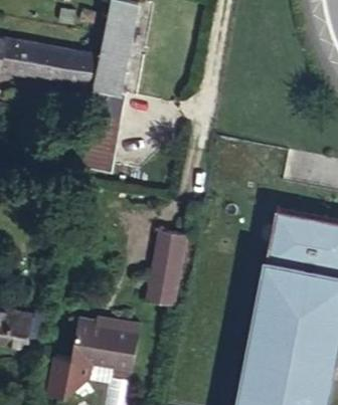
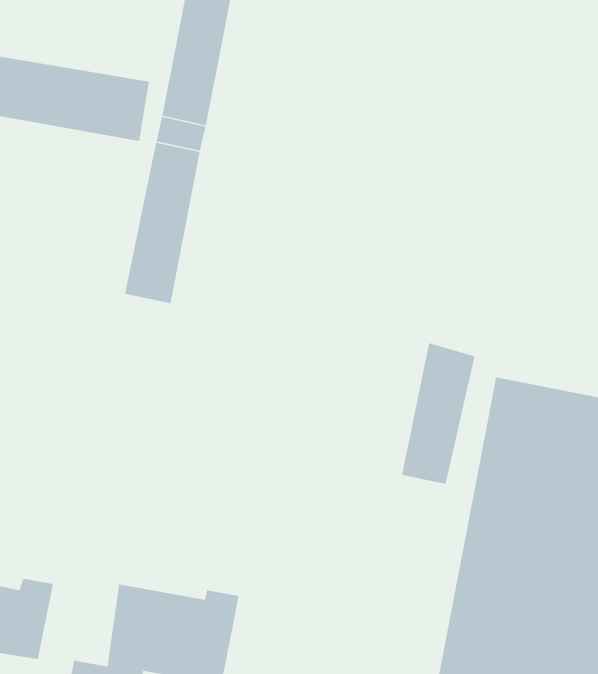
building: [146,229,184,302] -> [401,342,475,485]

